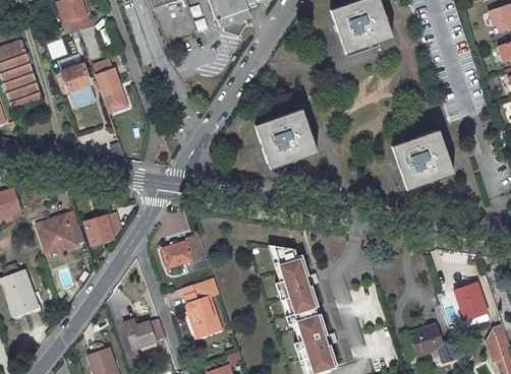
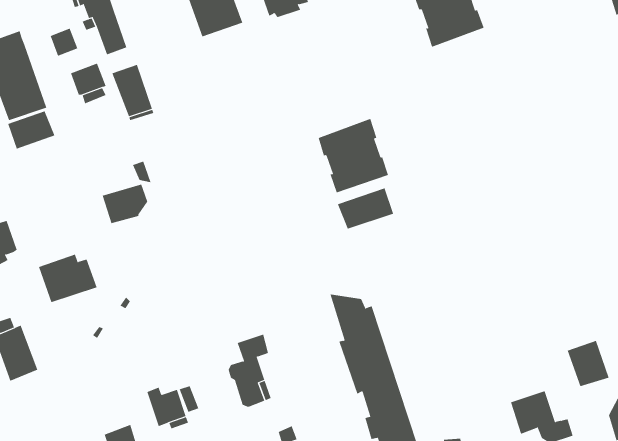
building: none -> [7,111,55,149]
building: [393,129,450,188] -> none
building: none -> [337,188,394,230]
building: [84,212,121,244] -> [102,184,148,224]
building: [162,233,208,267] -> none

